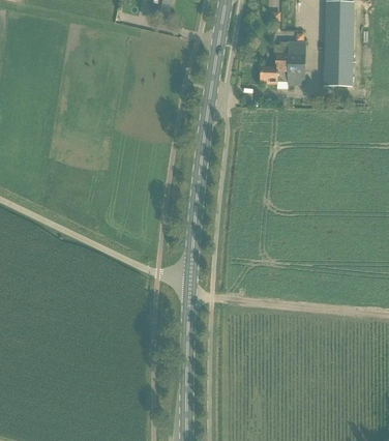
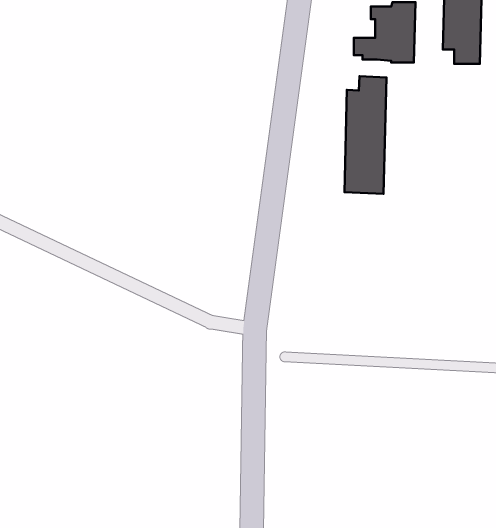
building: none -> [345,76,386,194]

